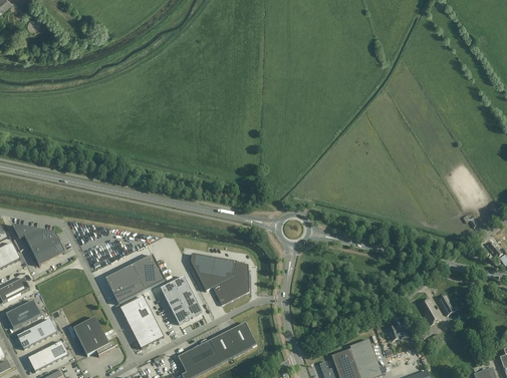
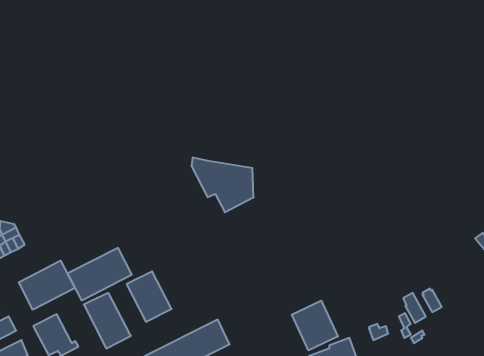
building: [190,253,248,304] -> [191,158,254,212]
building: none -> [19,261,75,310]
building: none -> [292,301,338,350]

